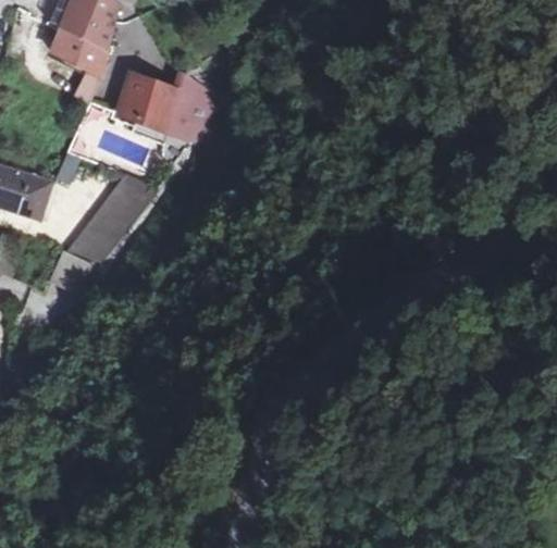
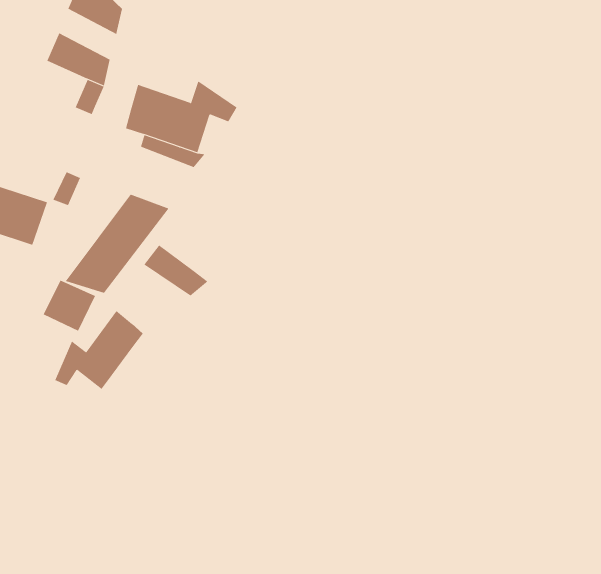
building: [61,9,112,53] -> none
building: none -> [144,244,209,296]
building: none -> [54,310,144,390]

